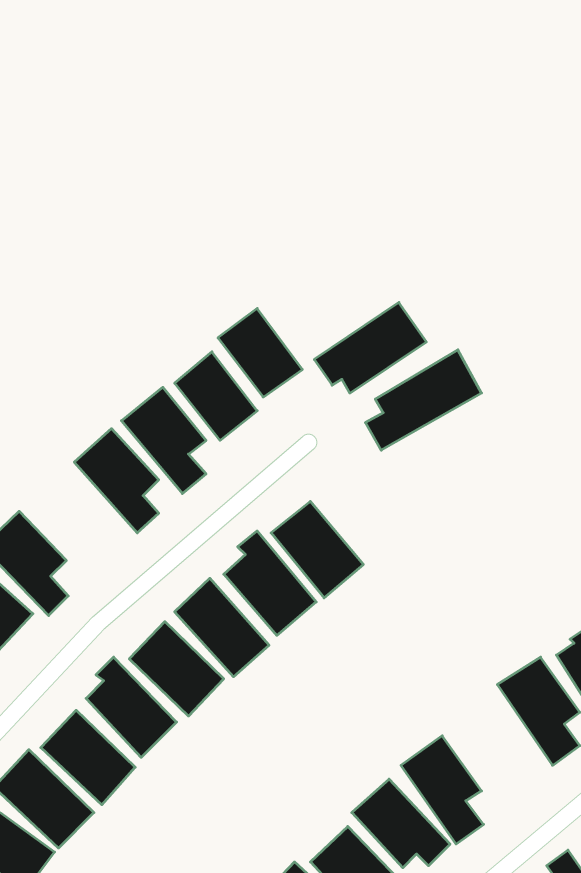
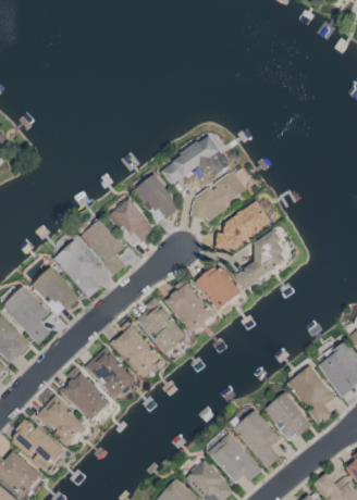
building: none -> [160,135,230,185]
building: none -> [234,230,286,290]
building: none -> [195,264,239,312]
building: none -> [30,266,79,316]
building: none -> [262,391,310,442]

